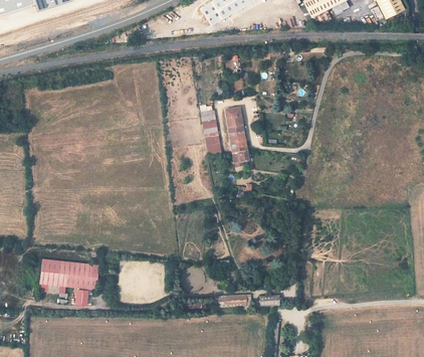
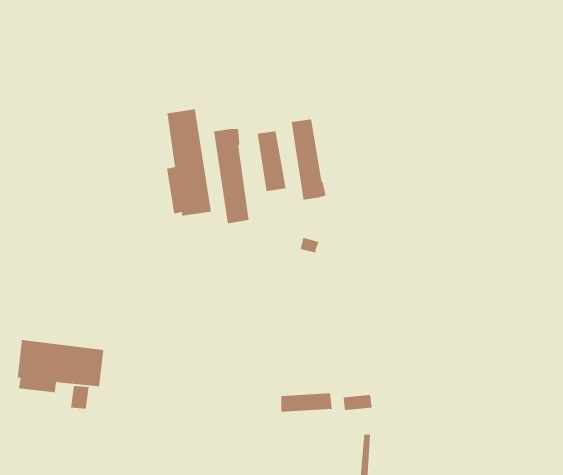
building: none -> [167,108,211,216]
building: none -> [214,128,249,224]

